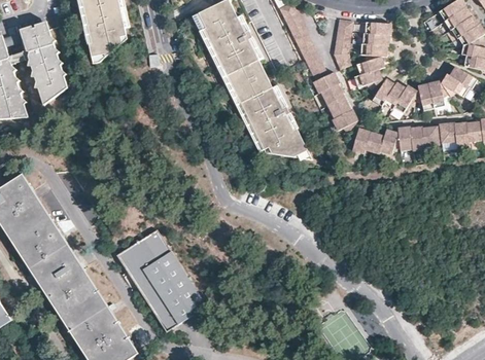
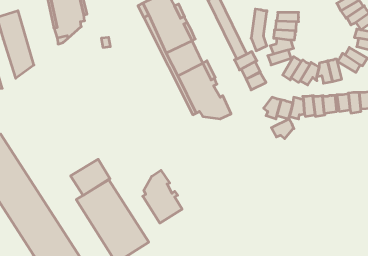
building: [331,108,358,133] -> [271,119,294,139]
building: none -> [71,159,110,195]
building: none -> [143,170,182,223]

